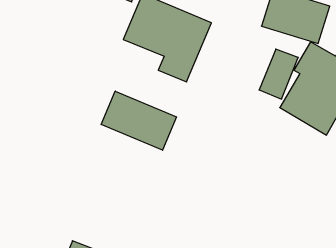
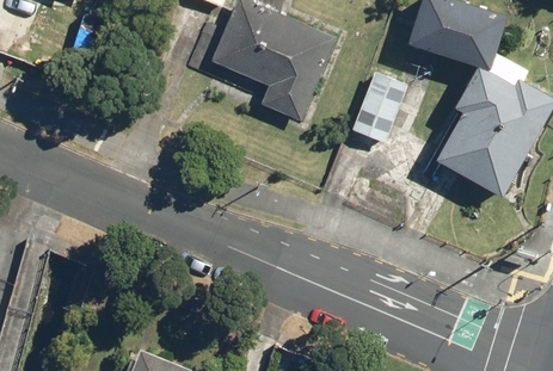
building: [259,49,298,99] -> [351,72,407,143]
building: [101,91,177,150] -> none

